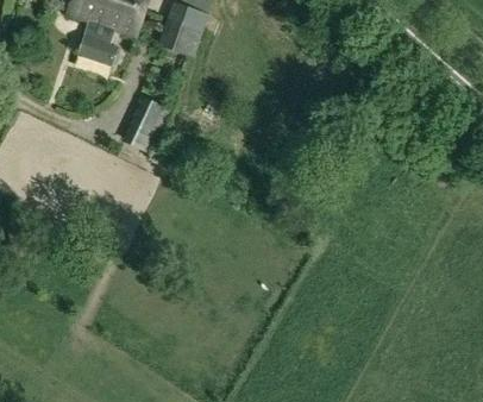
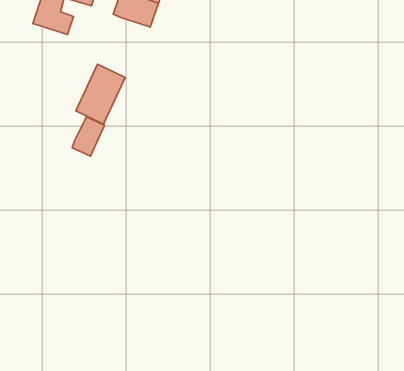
building: none -> [72,117,105,156]

